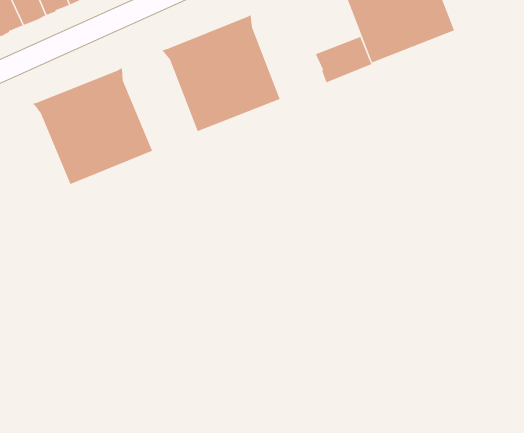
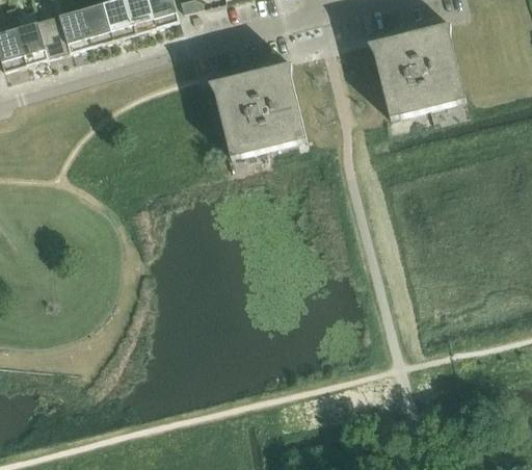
building: [315,36,372,83] -> none
building: [33,67,153,185] -> none

